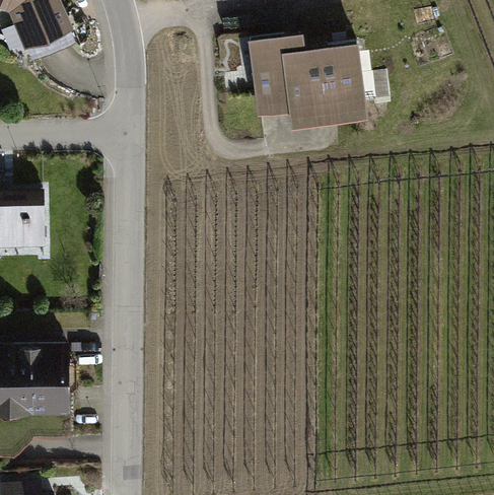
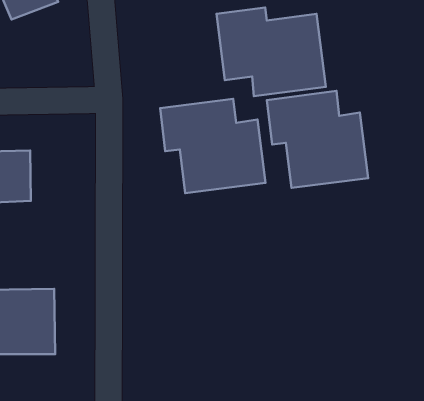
building: none -> [267,91,368,188]
building: none -> [160,99,265,193]

